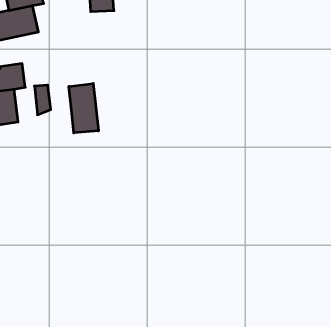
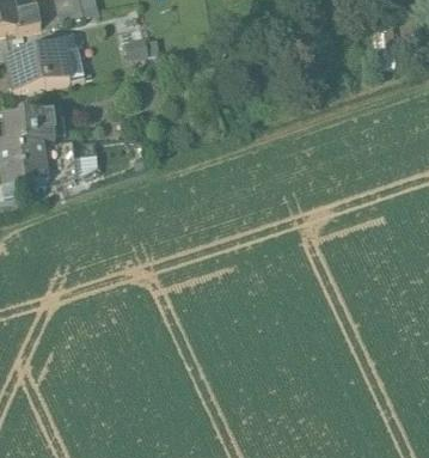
building: [69,83,98,133] -> none

